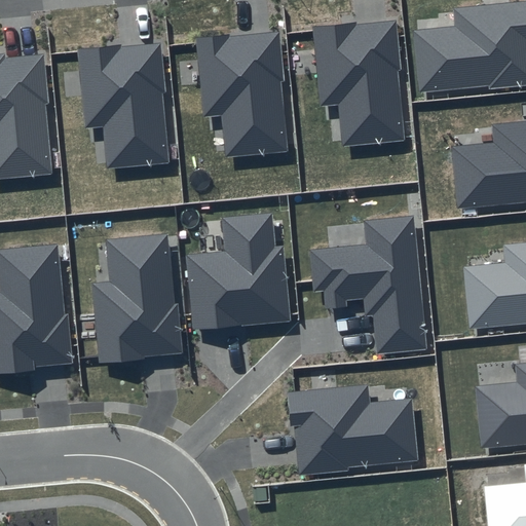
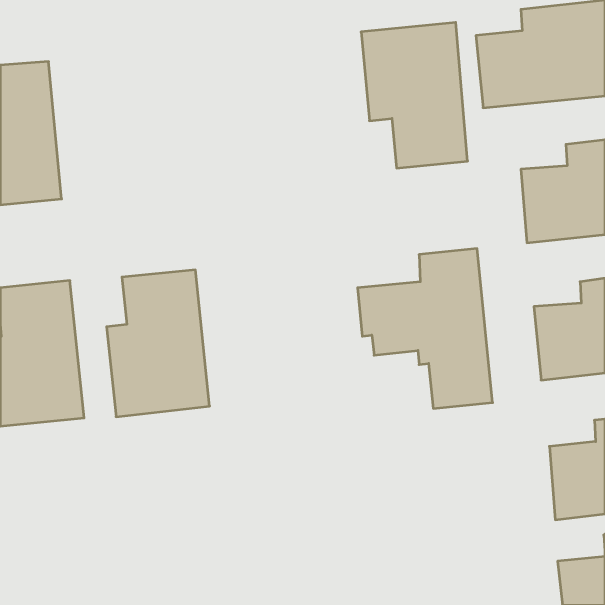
building: [195,32,289,158] -> none
building: [77,43,171,168] -> none
building: [185,213,292,331] -> none
building: [289,385,418,474] -> none

